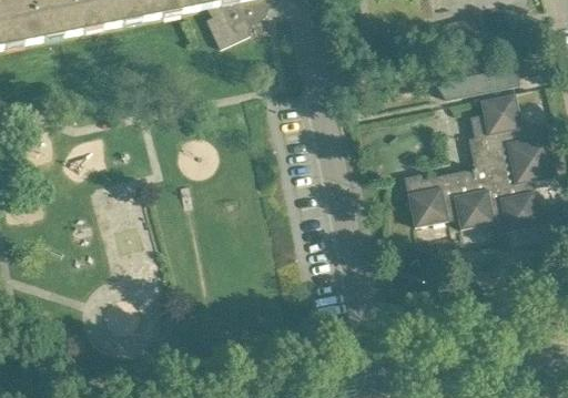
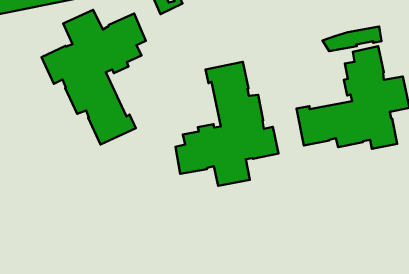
building: none -> [42,10,146,145]
building: none -> [175,62,278,186]

